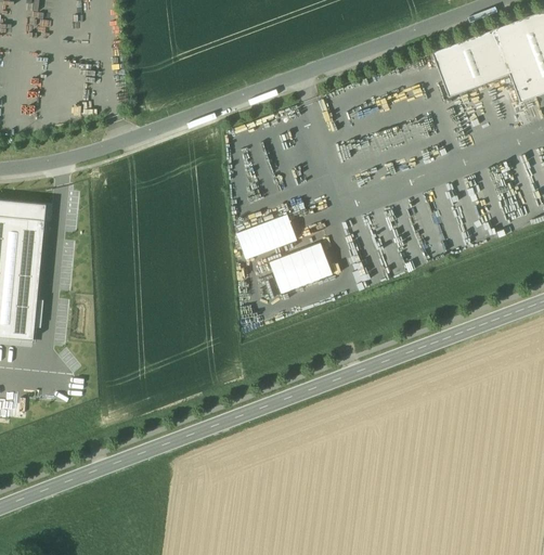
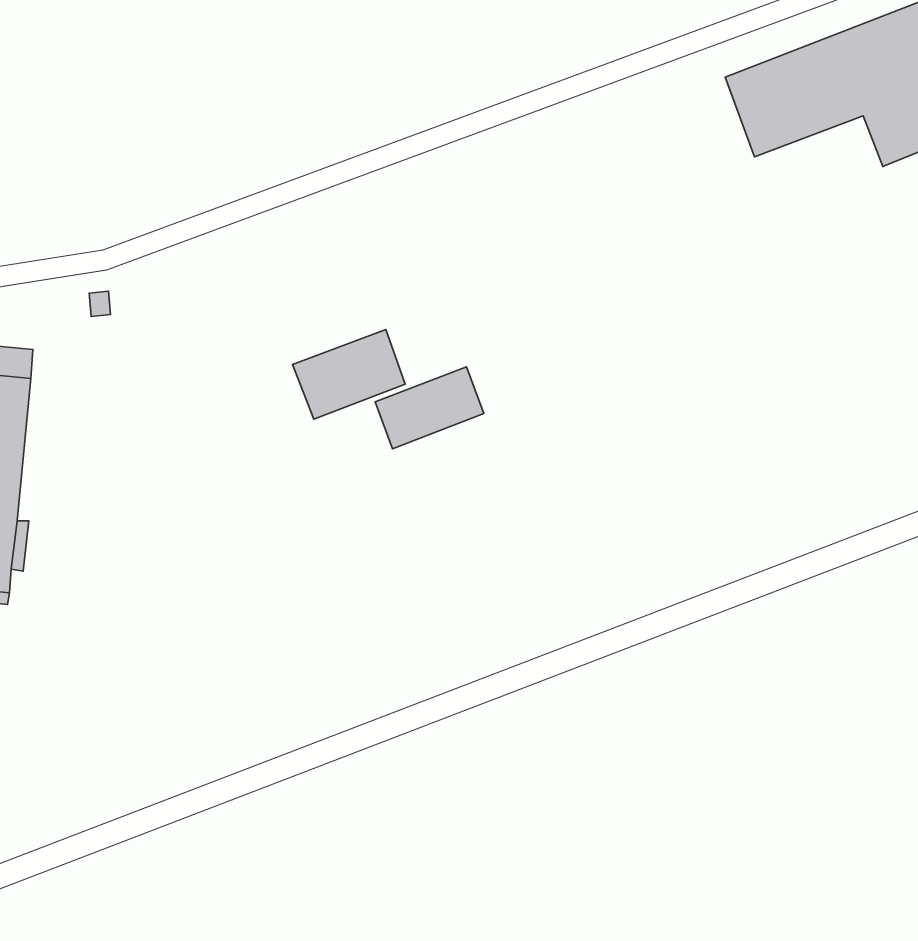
building: [269,244,332,294] -> [292,330,405,419]

